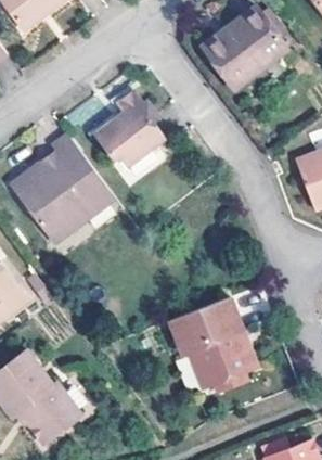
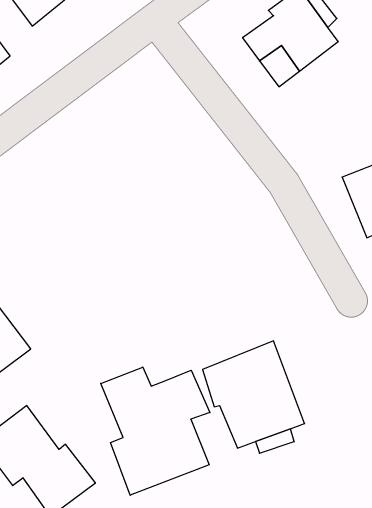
building: [99,89,168,163] -> none
building: [12,133,110,235] -> none
building: none -> [101,367,210,495]

